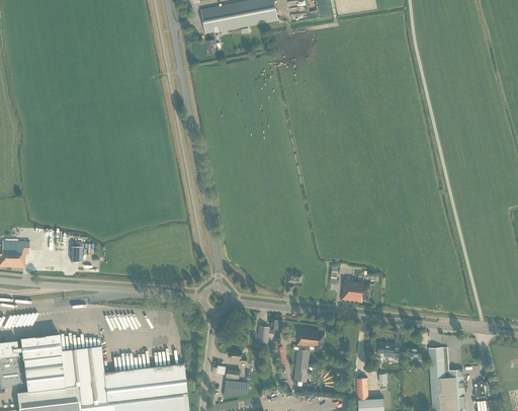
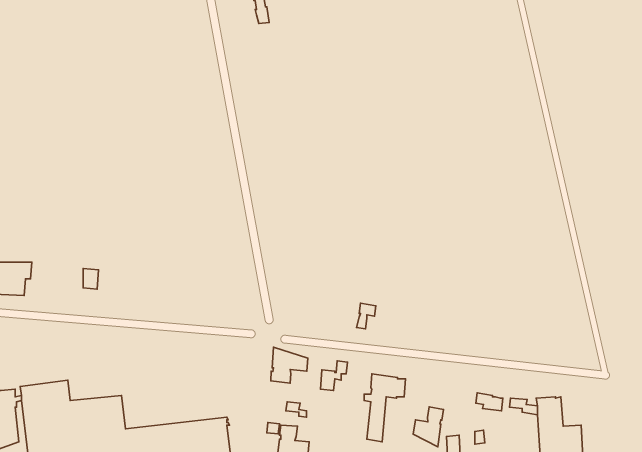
building: [340,280,369,303] -> none
building: none -> [271,347,308,383]
building: none -> [413,407,443,447]

